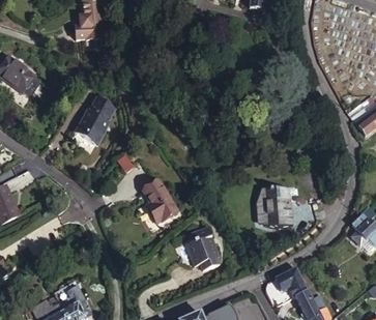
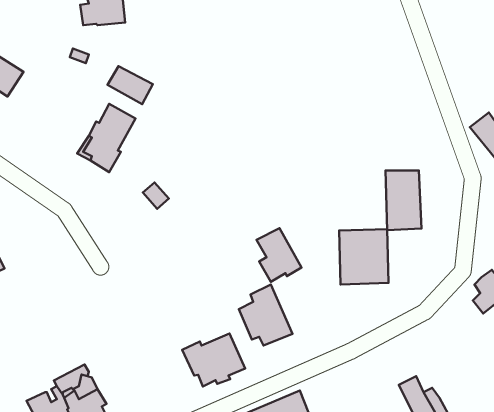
building: none -> [107,66,153,104]
building: none -> [385,170,421,230]
building: [139,183,171,222] -> [256,228,301,282]
building: none -> [182,333,245,386]
building: [267,267,311,299] -> none

